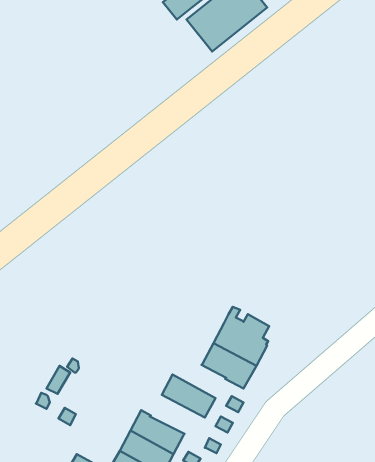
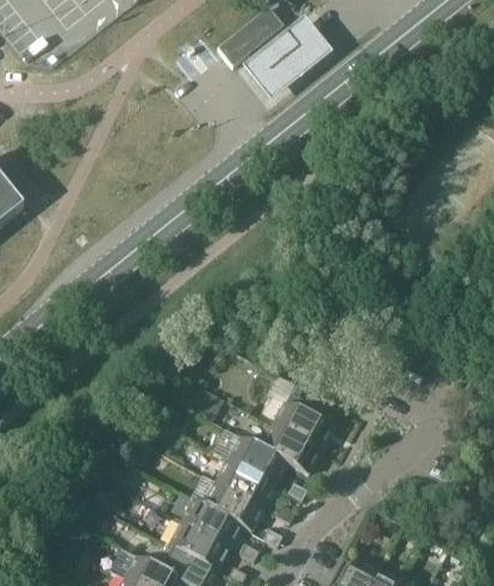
building: none -> [226,437,286,486]
building: none -> [201,482,262,532]

